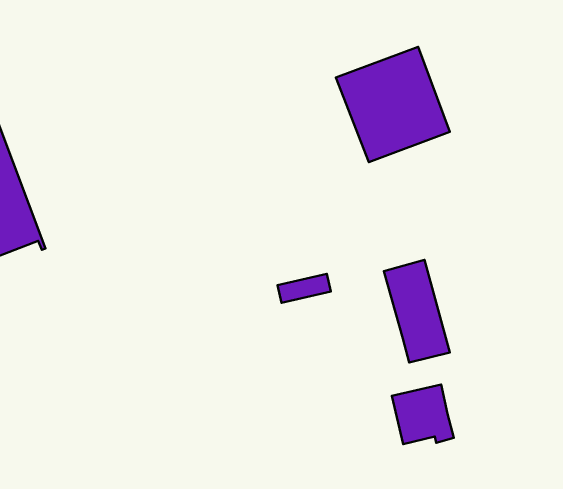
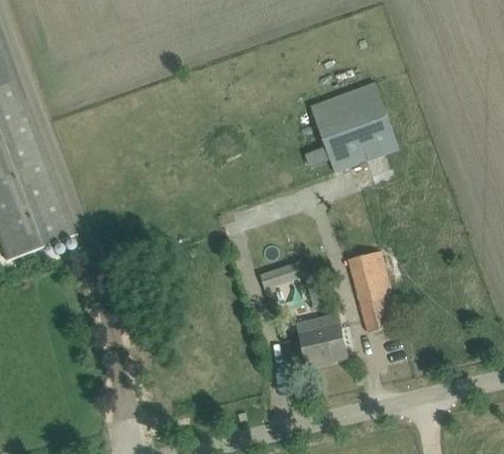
building: [392,385,454,444] -> [296,315,345,362]

